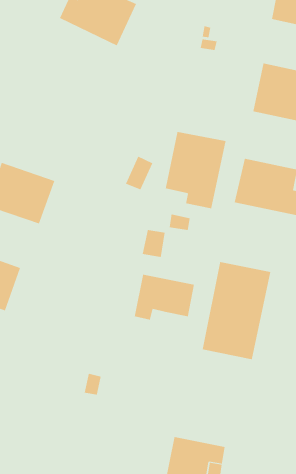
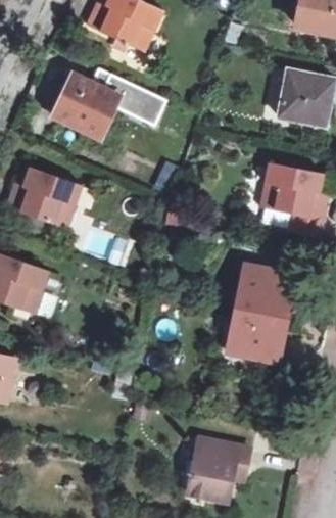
building: none -> [52,68,164,138]
building: [165,131,226,209] -> none
building: [134,274,194,321] -> none

